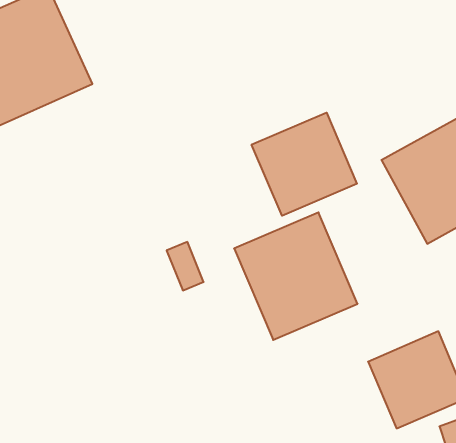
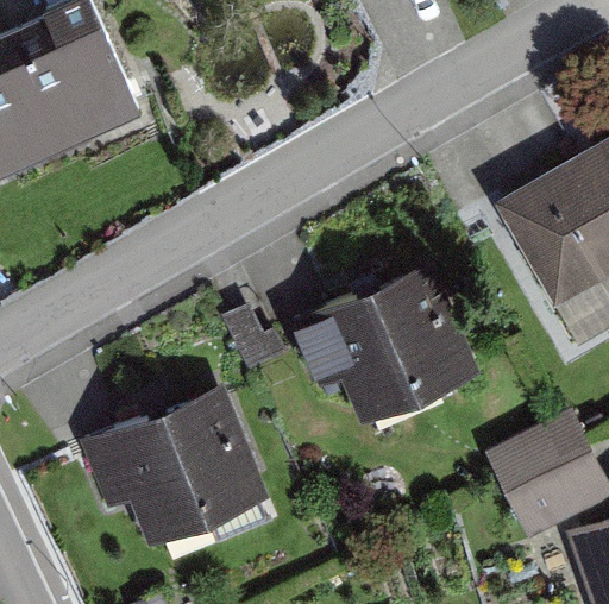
building: [252,113,357,216] -> none
building: none -> [87,394,260,542]

